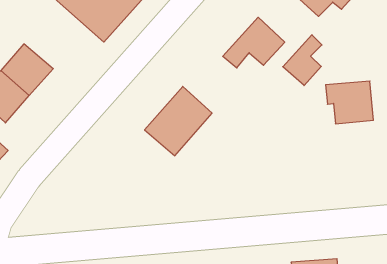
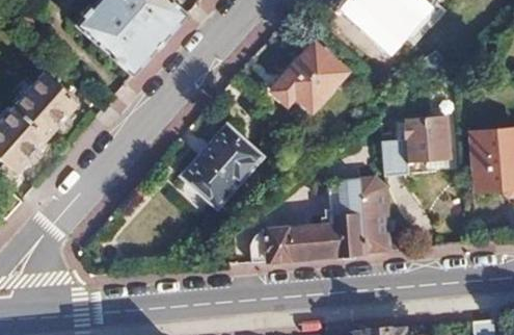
building: [283,35,322,86] -> none
building: none -> [249,176,389,263]

